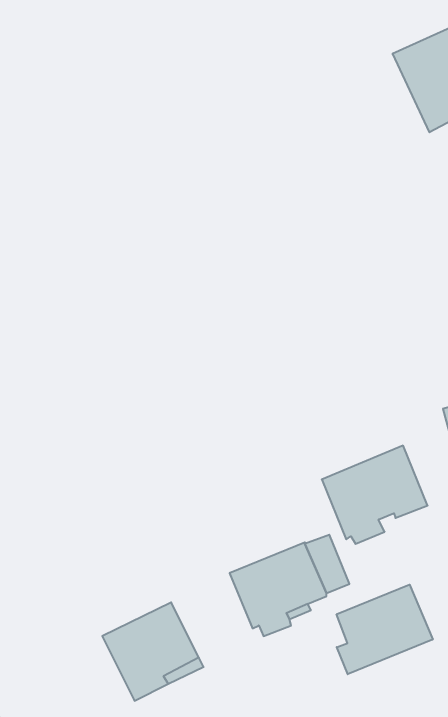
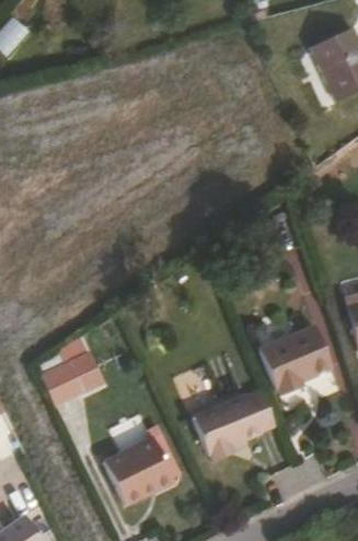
building: none -> [39,356,86,401]
building: [337,585,433,674] -> none

